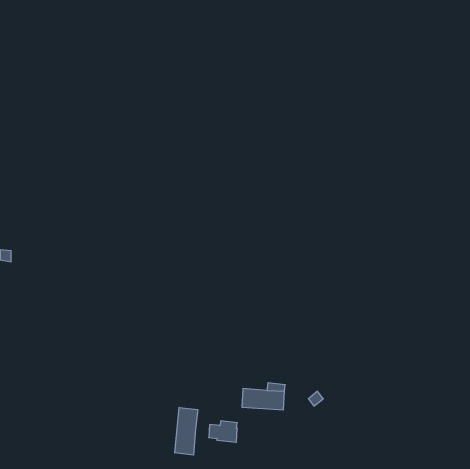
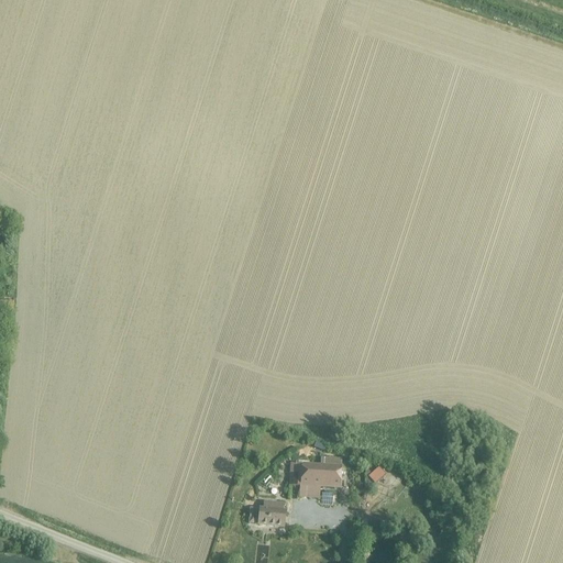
building: [175,407,198,455] -> none

